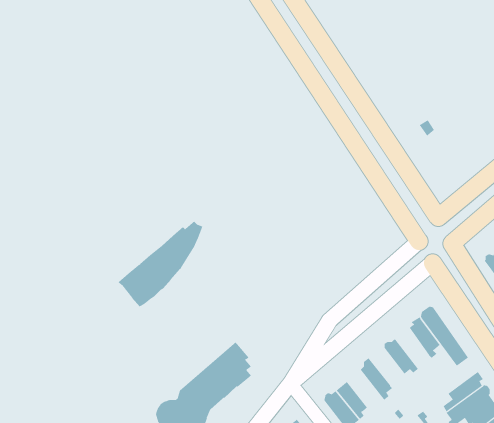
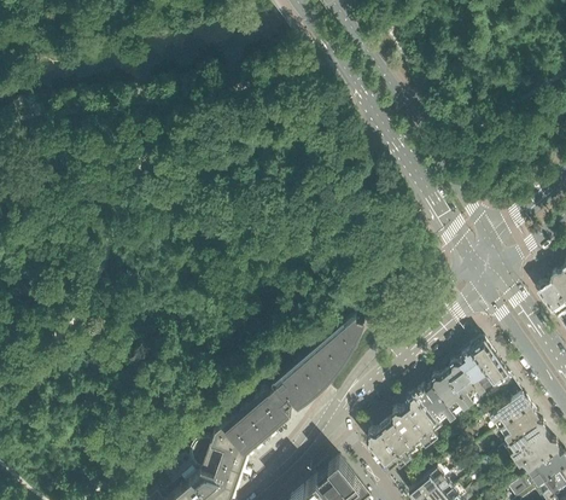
building: [118,221,203,307] -> [275,312,366,403]
building: none -> [444,362,479,406]
building: none -> [416,384,456,424]
building: none -> [479,394,532,432]
building: none -> [392,407,432,447]

